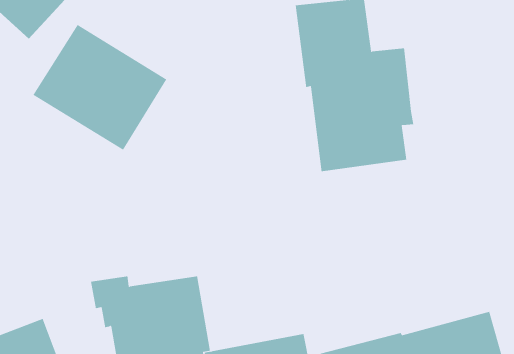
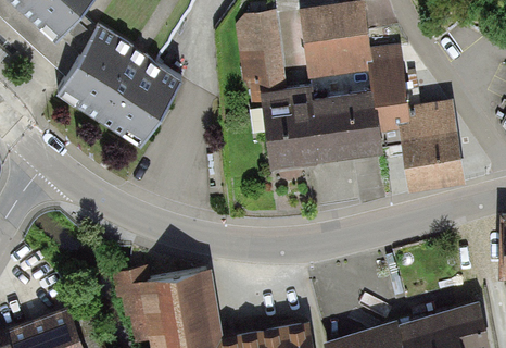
building: none -> [236,18,324,176]
building: none -> [399,105,465,195]

